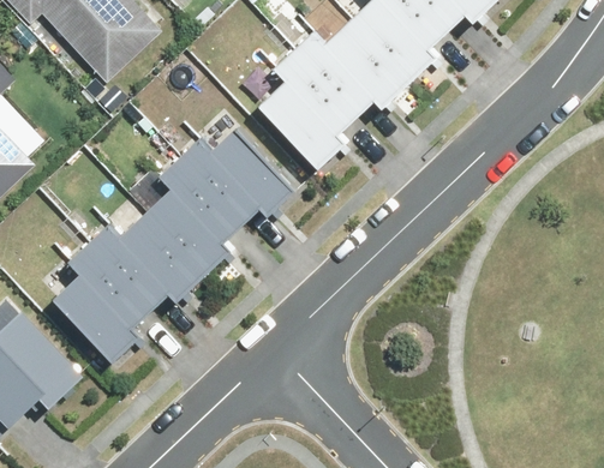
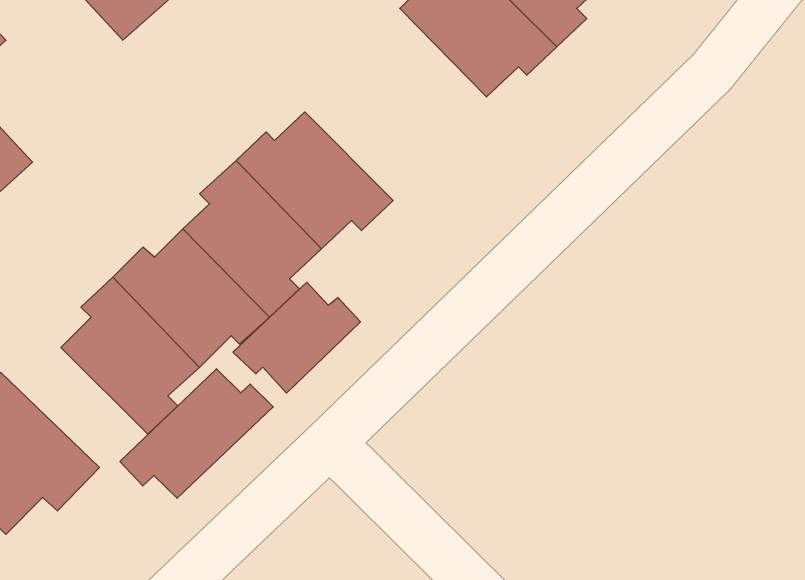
building: [261,53,359,166] -> none
building: none -> [233,282,361,393]
building: none -> [120,369,273,498]

